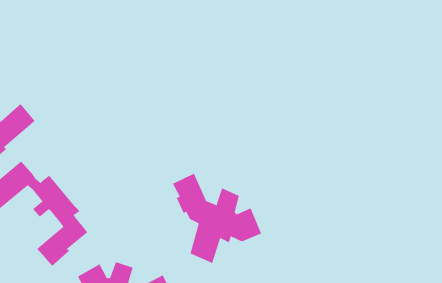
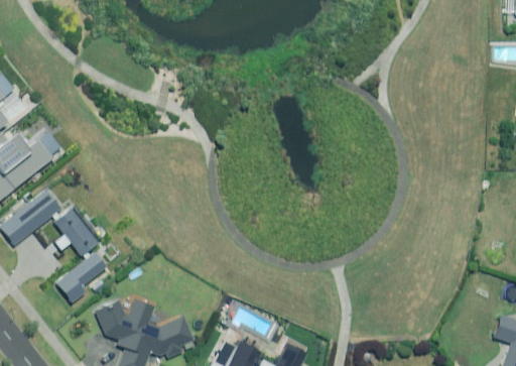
building: [172,173,262,264] -> none

